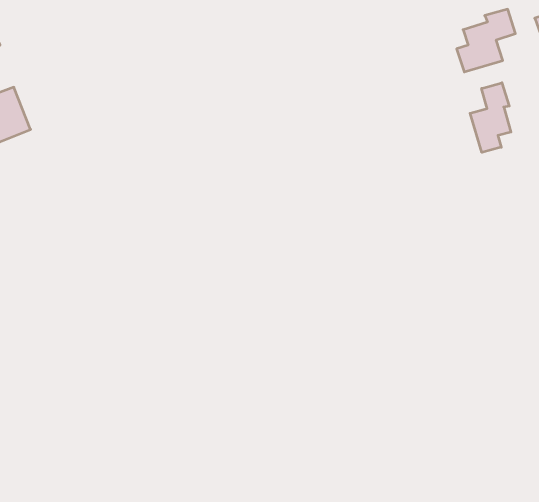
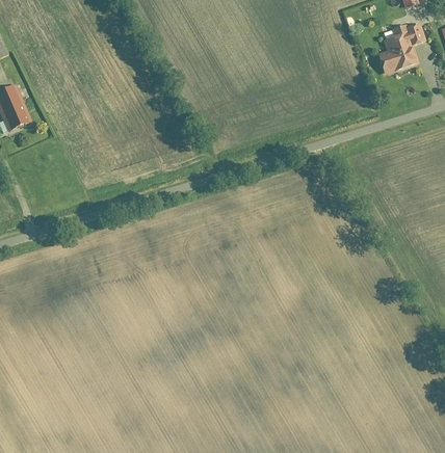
building: [470,83,511,152] -> none

